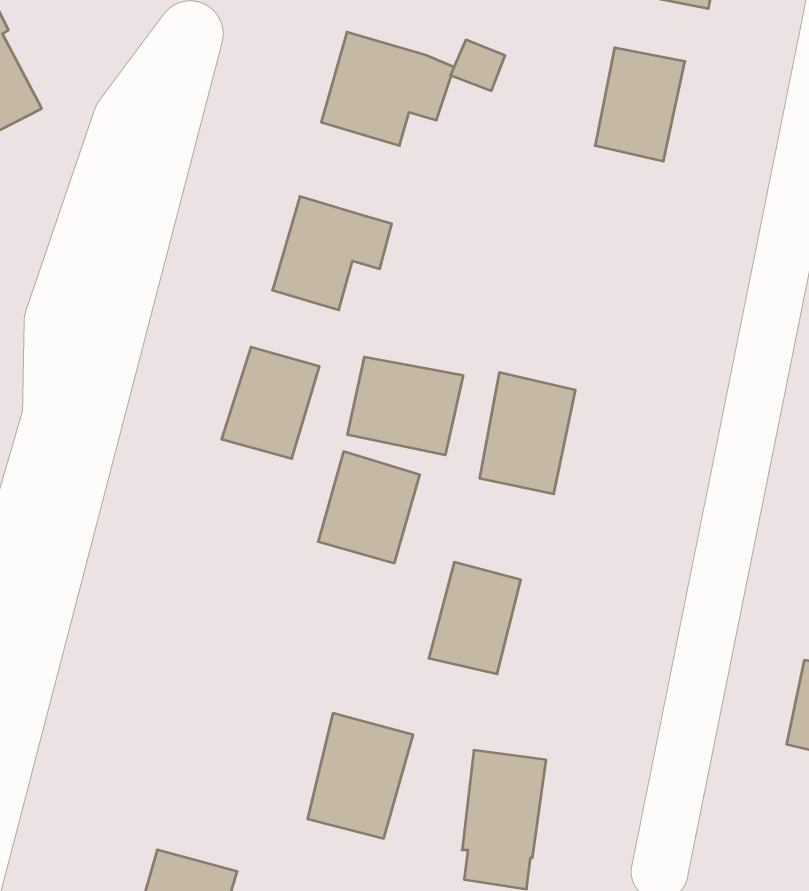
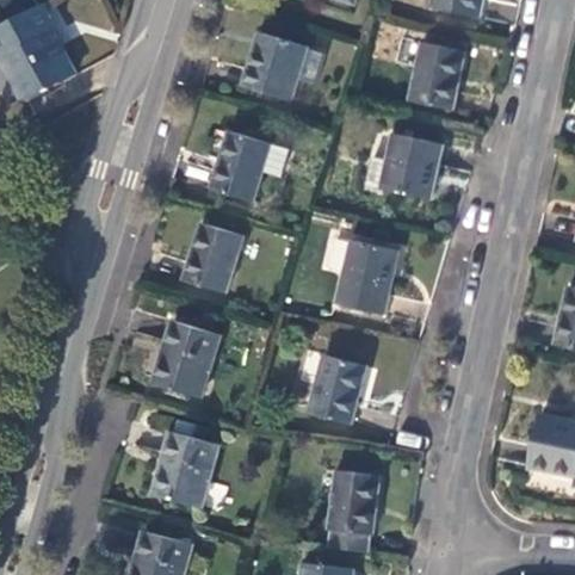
building: none -> [365,134,441,199]
building: [348,357,463,455] -> none
building: [318,452,420,563] -> [154,324,216,392]
building: [308,713,413,838] -> [153,431,217,507]

